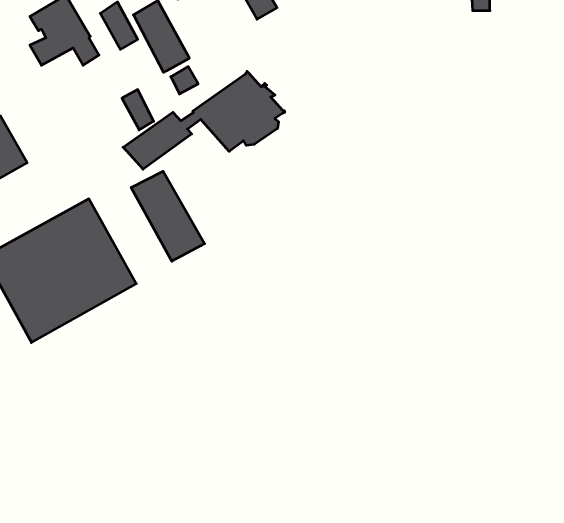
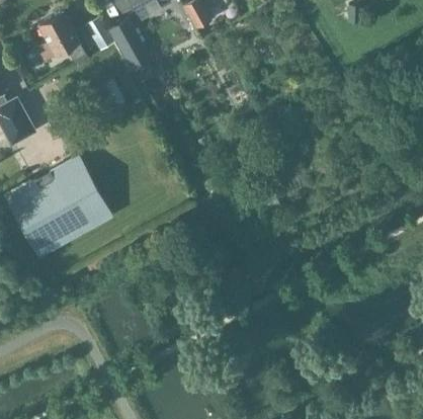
building: [123,71,285,169] -> none
building: [131,171,205,261] -> none

